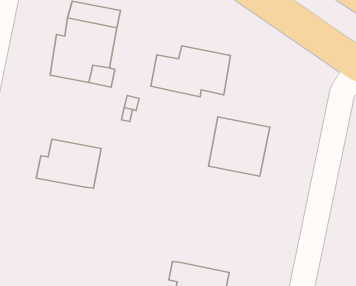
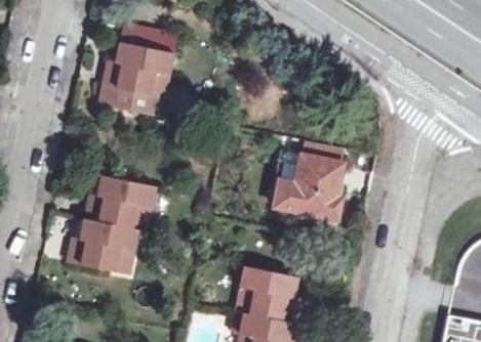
building: [151,46,231,97] -> none
building: none -> [67,219,138,273]
building: none -> [235,265,303,324]

